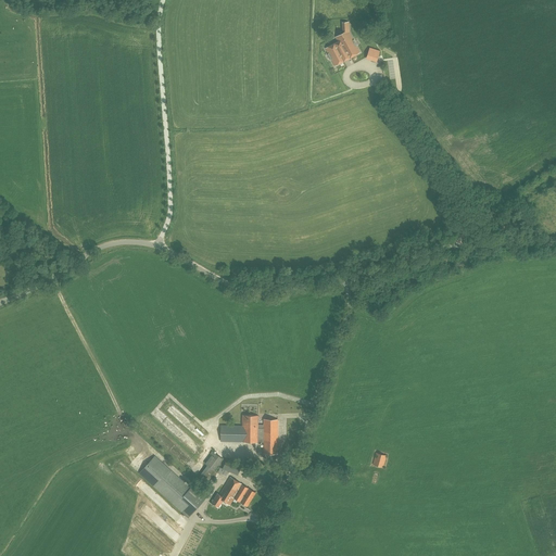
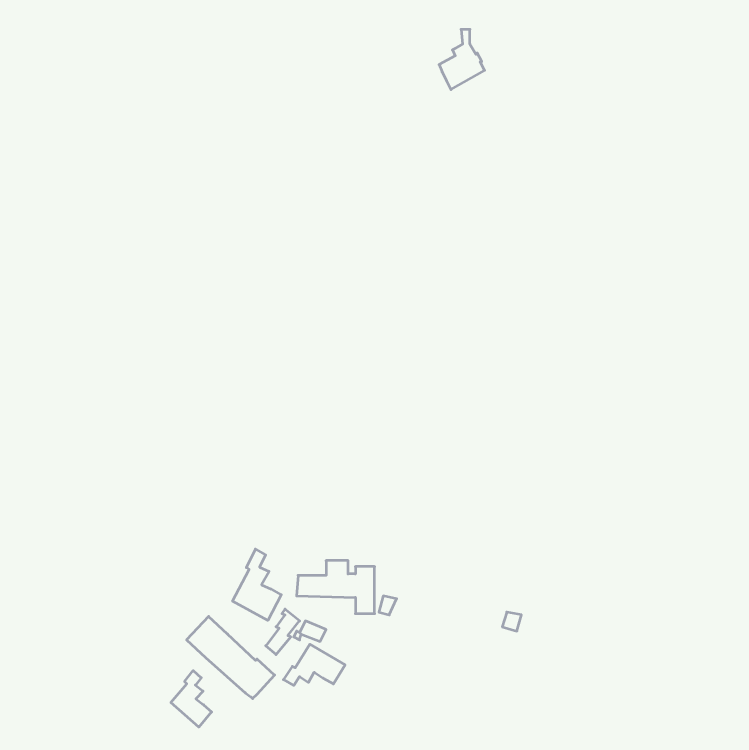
building: none -> [233,549,281,620]
building: none -> [171,671,212,727]

